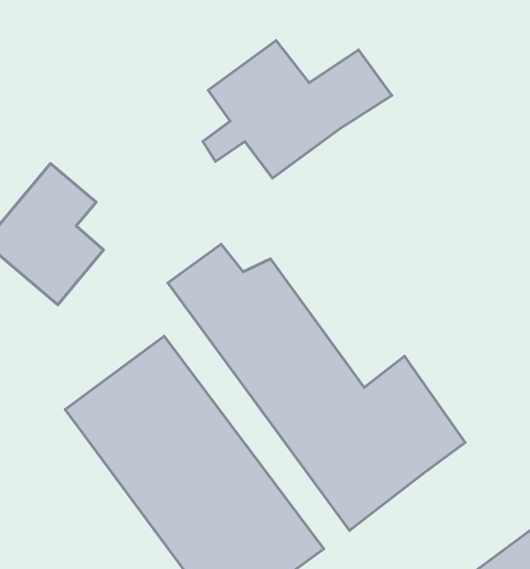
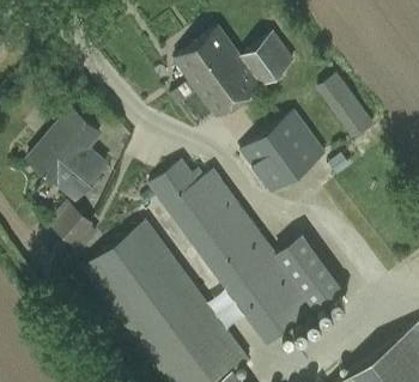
building: none -> [317,74,376,140]
building: none -> [239,110,327,194]
building: none -> [53,205,99,251]

